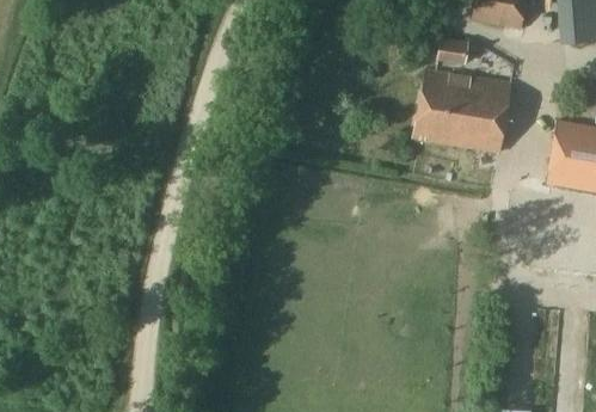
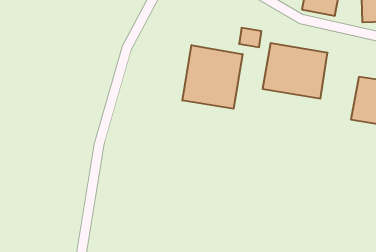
building: [436,37,469,66] -> [239,28,261,47]
building: none -> [182,45,243,109]

